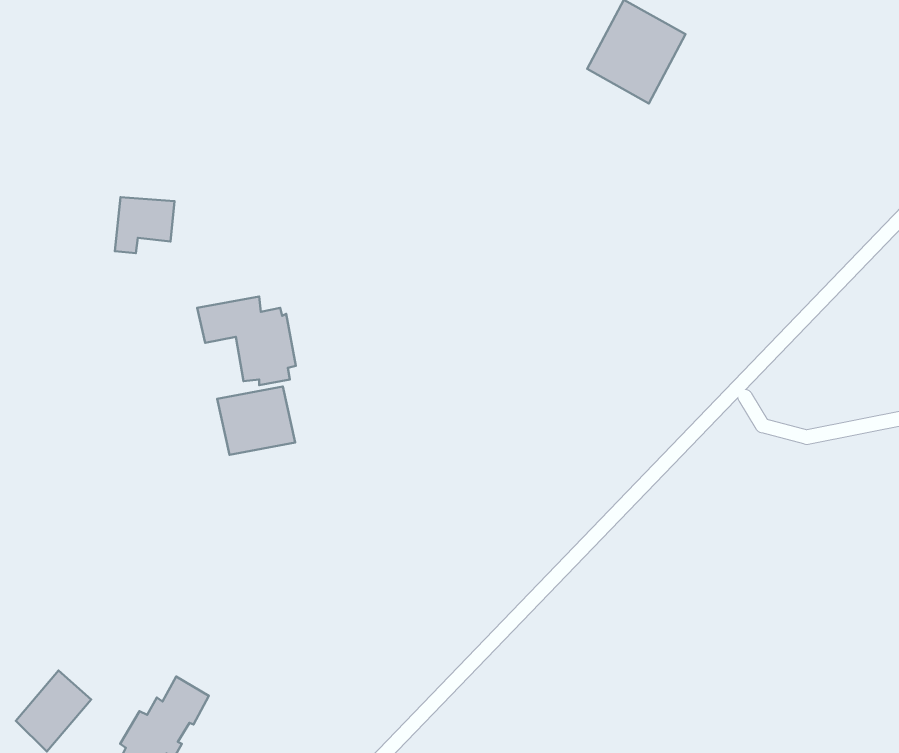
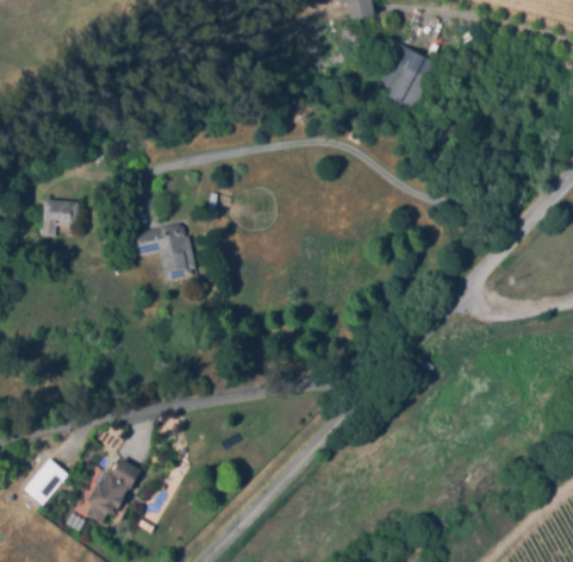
building: [115,197,175,253] -> [41,200,77,235]
building: [217,386,295,455] -> none

